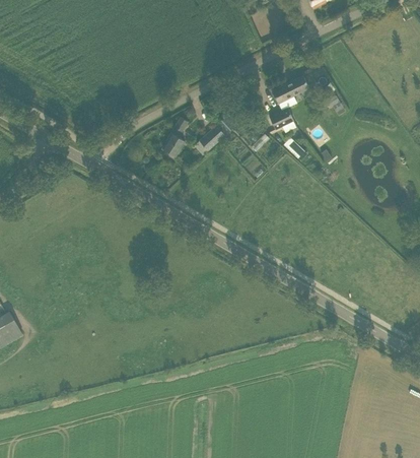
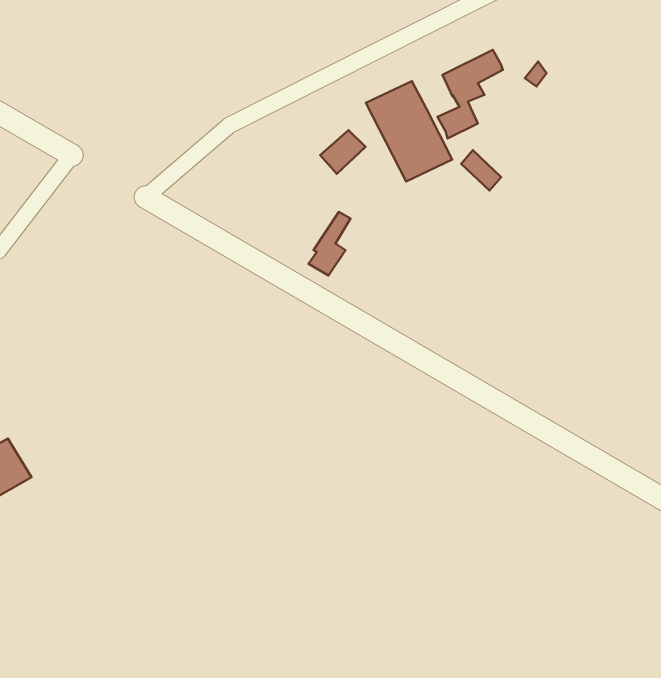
building: none -> [366,81,452,181]
building: [162,117,188,155] -> [309,212,350,275]

